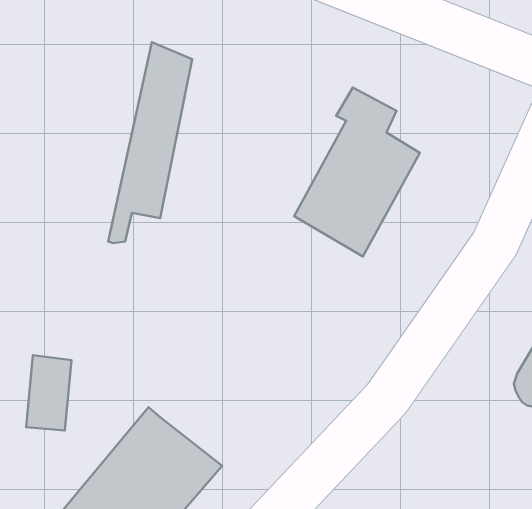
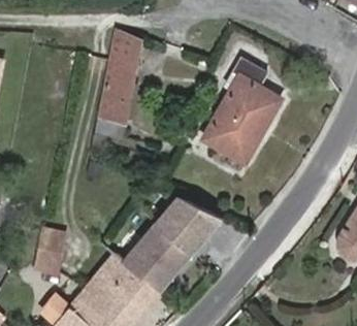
building: none -> [122,196,223,292]

